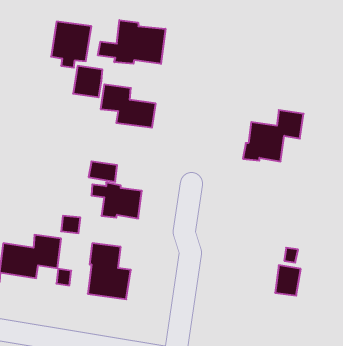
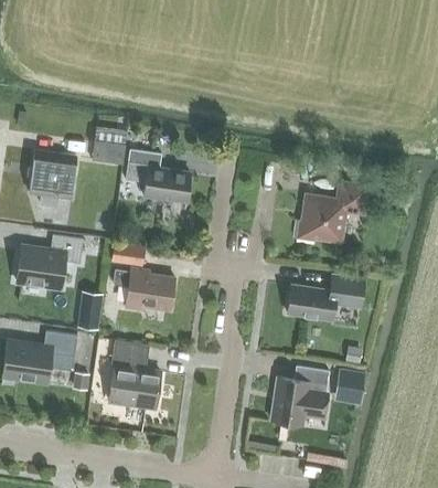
building: [98,20,165,64] -> none
building: [51,22,91,68] -> [29,151,77,206]
building: none -> [17,235,84,288]
building: none -> [288,276,364,321]
building: none -> [271,367,329,426]

